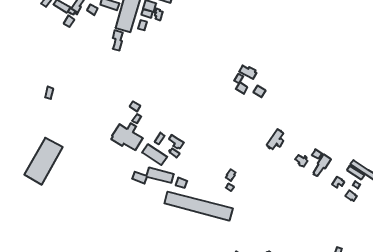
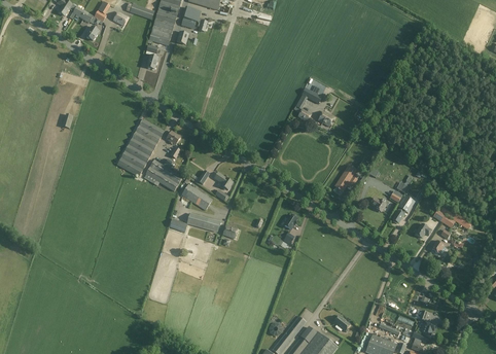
building: [24,138,63,185] -> [116,119,164,177]
building: [164,192,233,221] -> none

